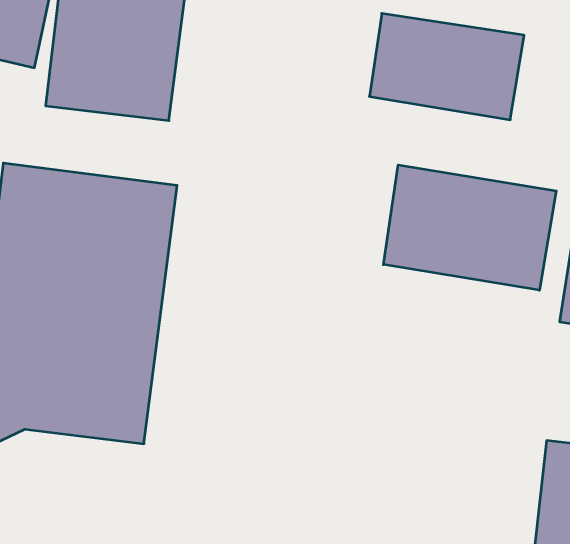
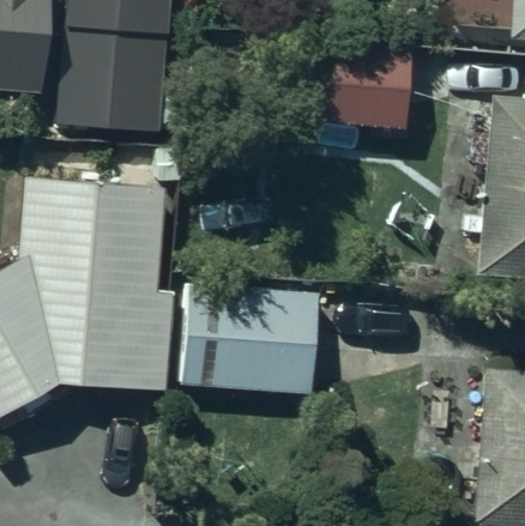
building: [383,165,556,290] -> none
building: none -> [176,278,313,393]

